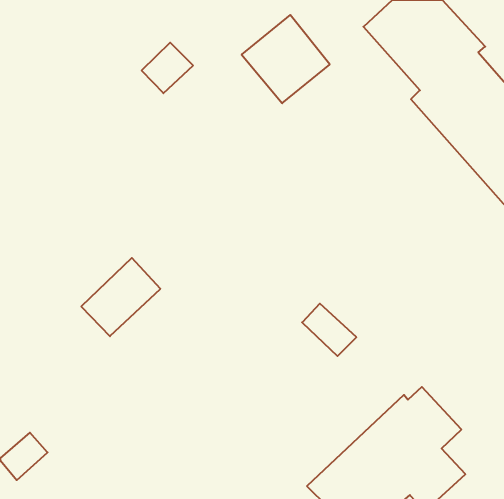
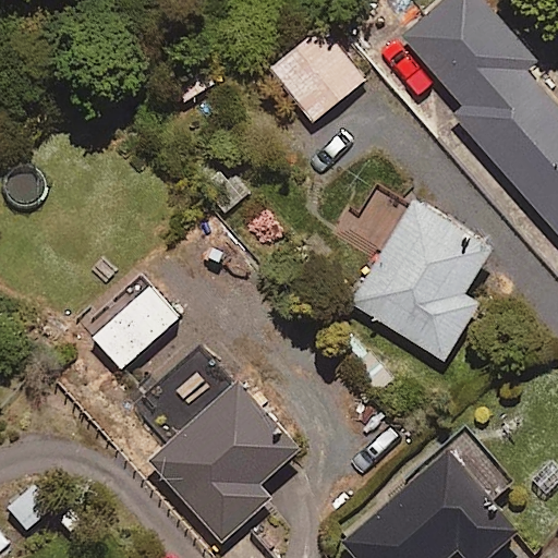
building: none -> [350,197,490,360]
building: none -> [147,380,298,543]

